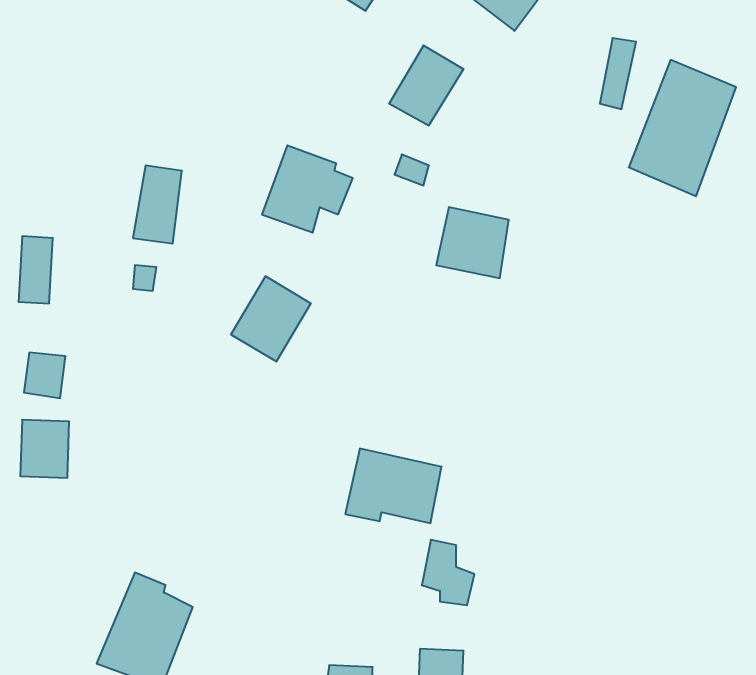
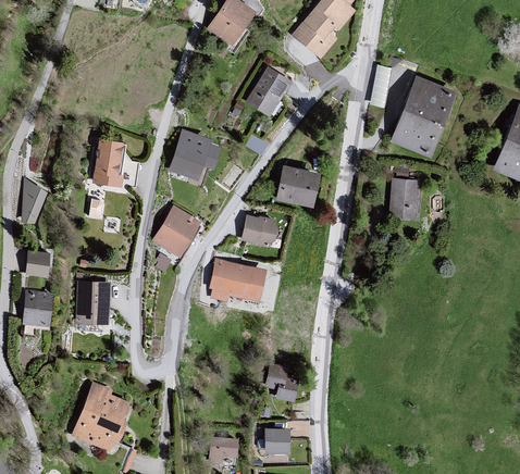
building: none -> [387,177,422,219]
building: none -> [240,215,274,247]
building: none -> [75,282,110,325]
building: [345,449,442,523] -> [207,258,264,302]

